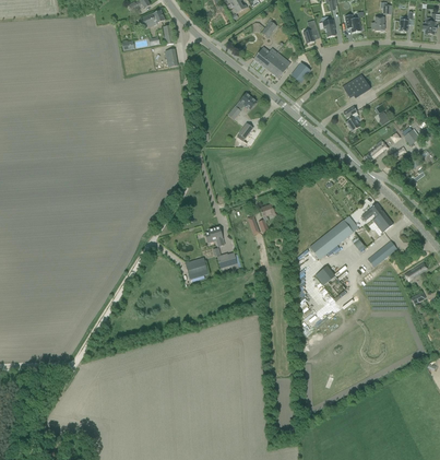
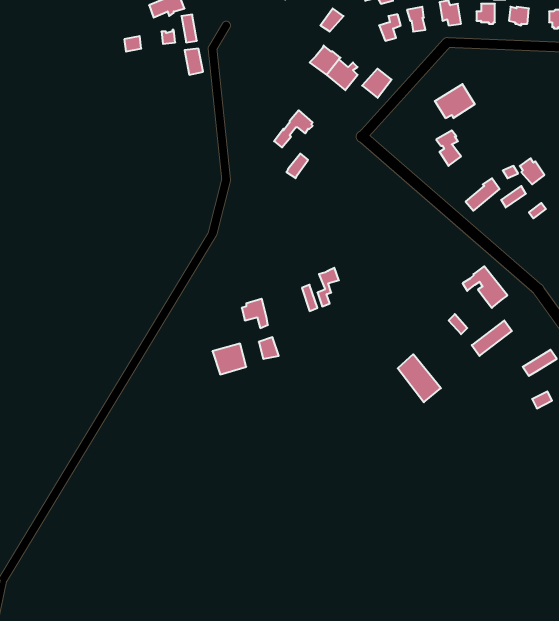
building: [310,215,358,259] -> none

